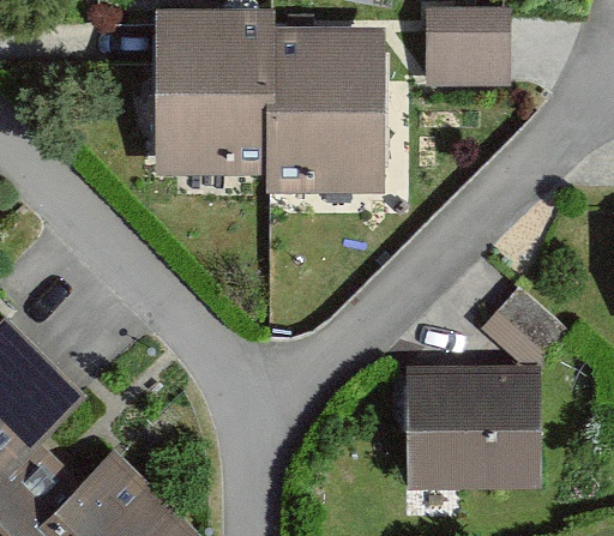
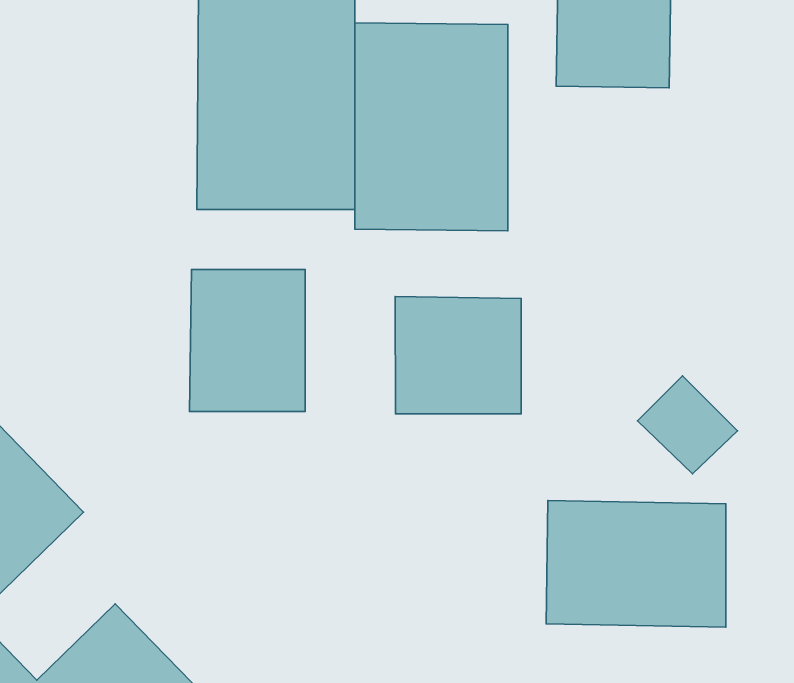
building: none -> [190,269,305,412]
building: none -> [395,297,521,414]

